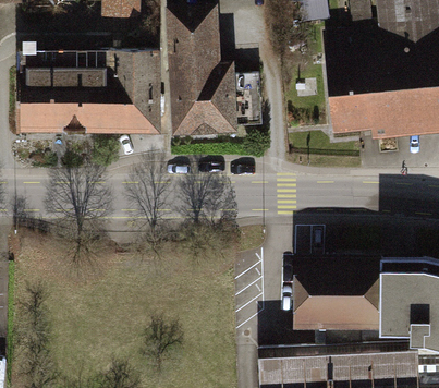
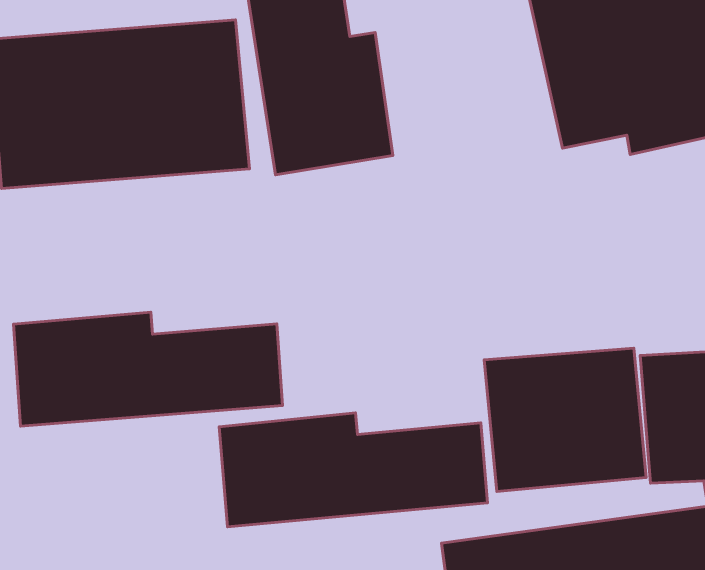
building: none -> [14,312,282,426]
building: none -> [219,413,487,527]

